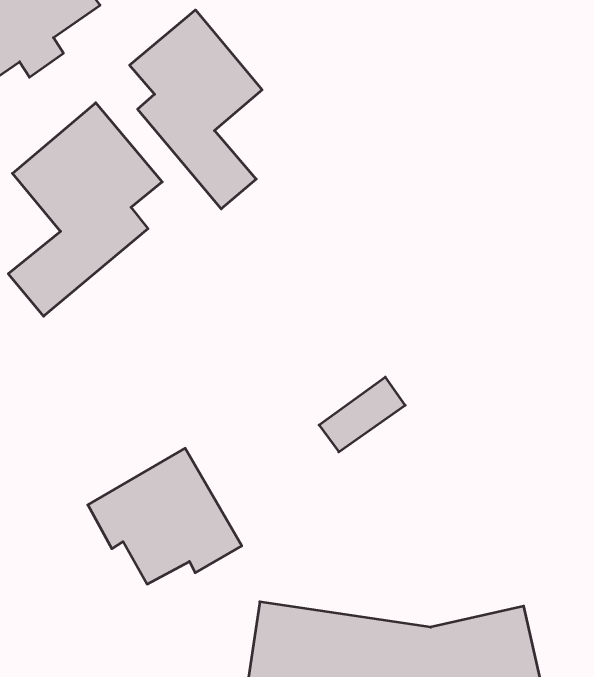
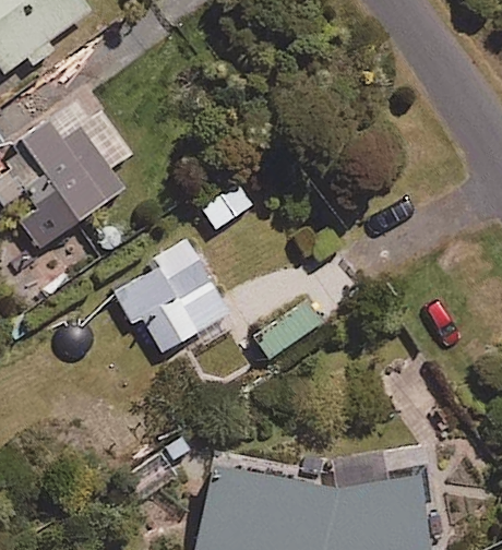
building: [130,10,262,209] -> none
building: [88,448,242,584] -> [117,250,236,355]

